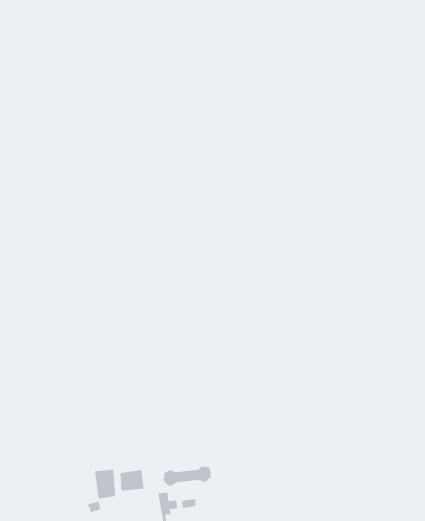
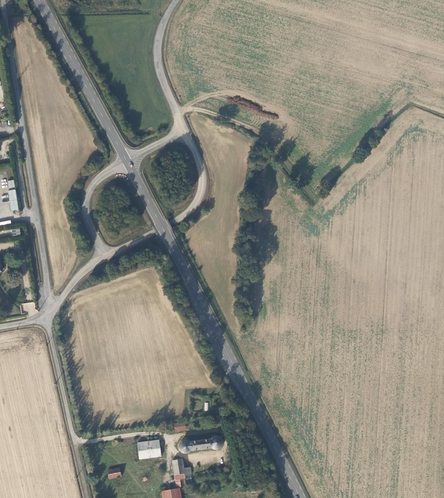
building: [94,469,116,499] -> none

